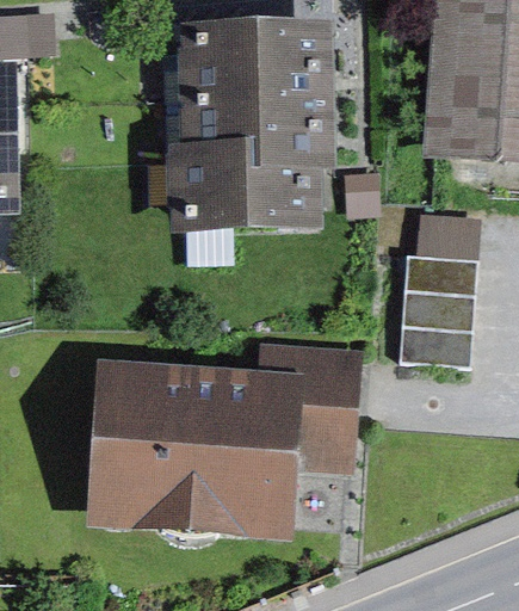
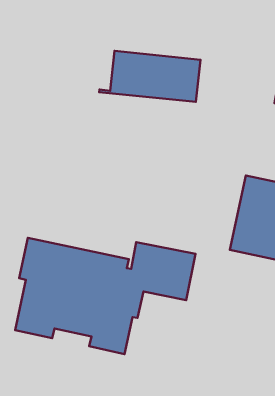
building: [199,35,323,100] -> none
building: [186,158,325,224] -> none

